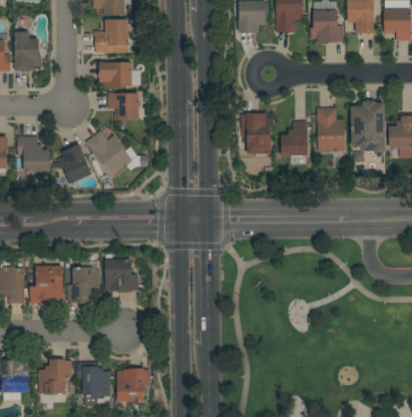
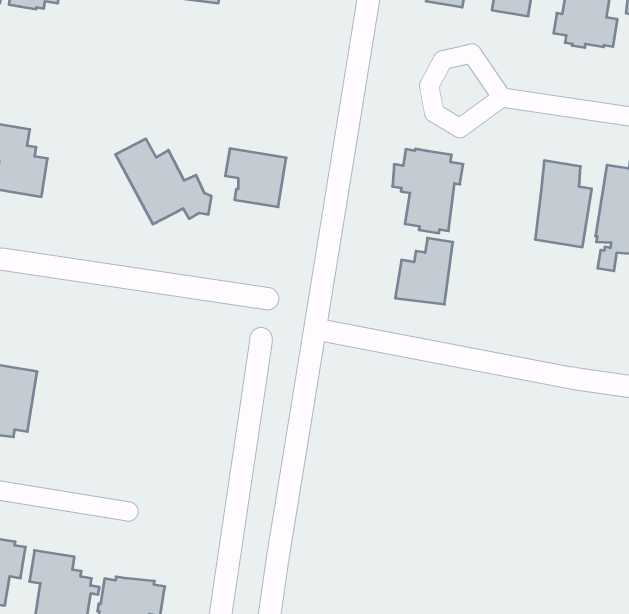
building: [97,62,131,89] -> none
building: [107,93,138,120] -> [225,149,286,207]
building: [281,121,308,156] -> [395,238,453,304]
building: [56,144,91,183] -> none
building: [104,260,137,293] -> none
building: [66,268,100,303] -> none

